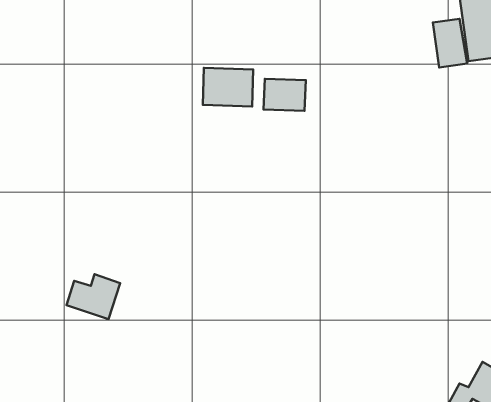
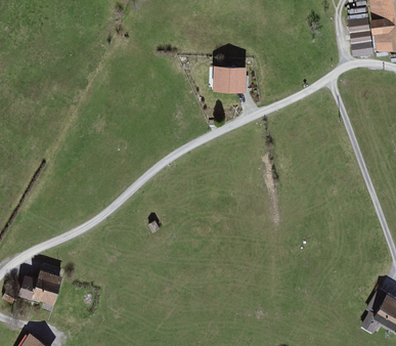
building: [203,68,253,107] -> none
building: [66,274,120,319] -> [18,269,61,305]

